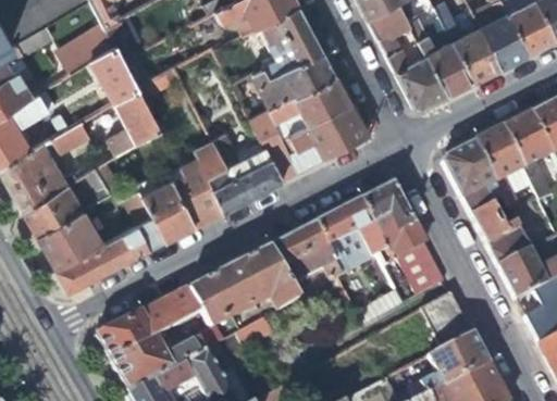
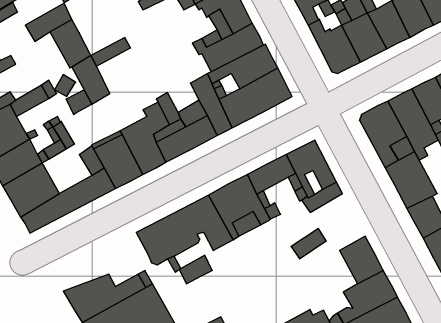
building: [399,246,444,296] -> none
building: [97,290,201,358] -> none

